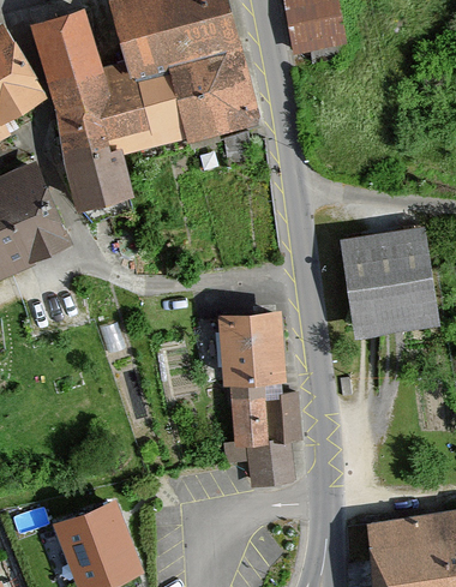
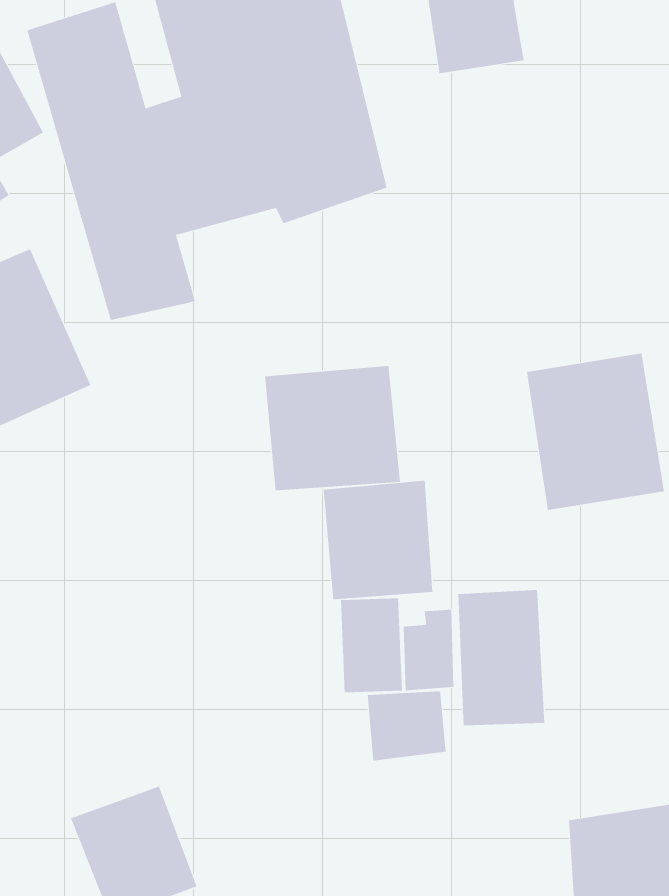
building: none -> [264,365,401,491]
building: none -> [458,589,545,726]

